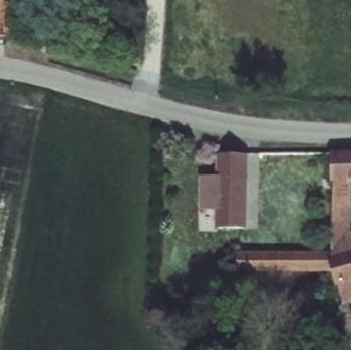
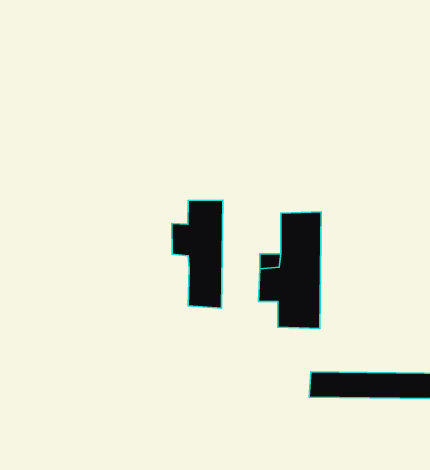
building: none -> [172,200,223,308]

